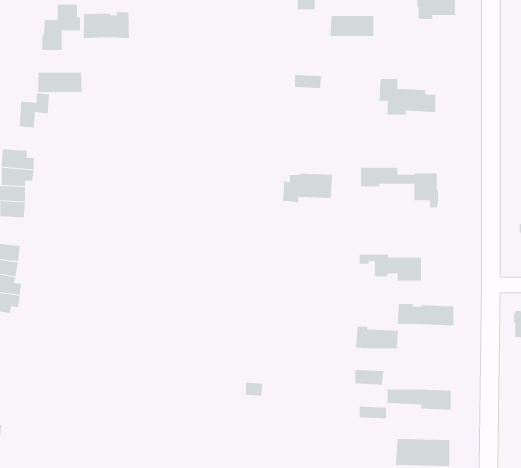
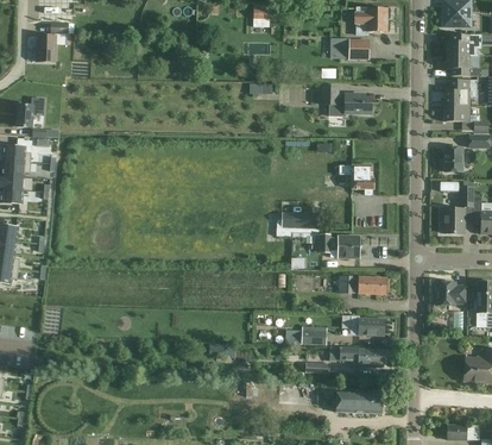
building: [83,11,130,39] -> none
building: [329,16,374,37] -> [329,39,367,57]
building: [38,72,82,93] -> none
building: [282,173,333,203] -> [275,211,317,236]
building: [355,326,399,349] -> [347,315,384,334]

